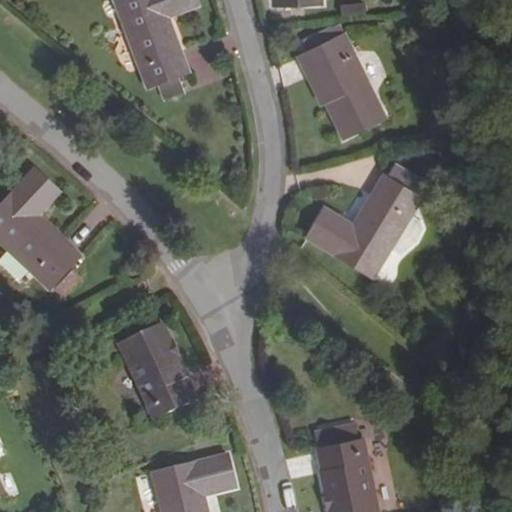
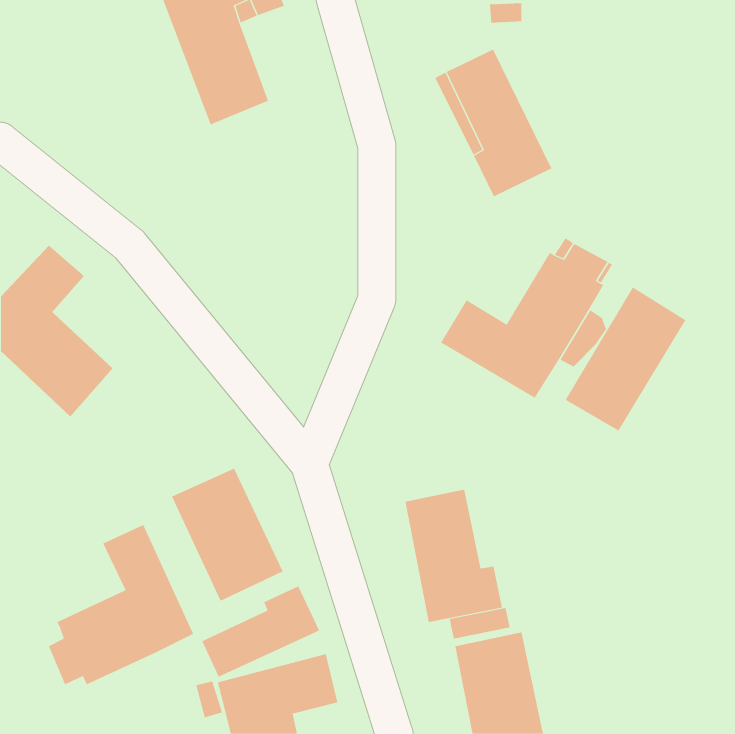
building: none -> [565,287,686,432]
building: none -> [405,489,503,623]
building: none -> [48,524,194,685]
building: none -> [202,585,320,677]

